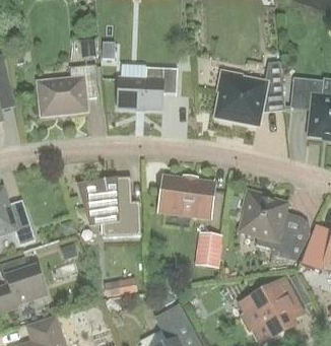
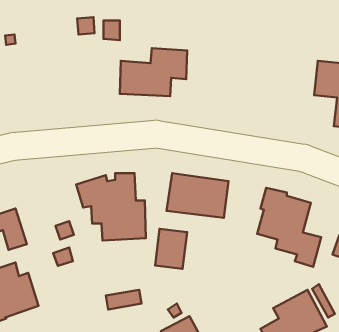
building: [216,61,283,123] -> none
building: [38,64,98,115] -> none
building: [194,231,222,267] -> [155,229,187,269]

